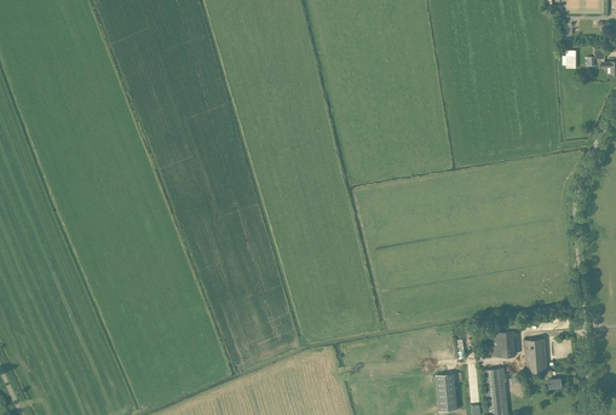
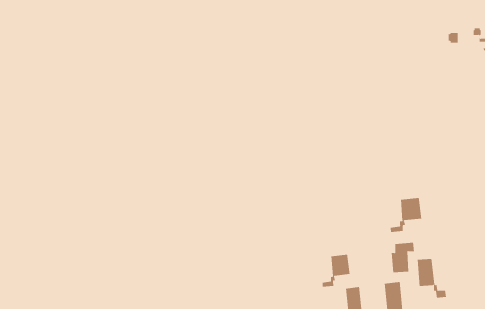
building: none -> [390,197,422,233]
building: none -> [322,254,350,288]

